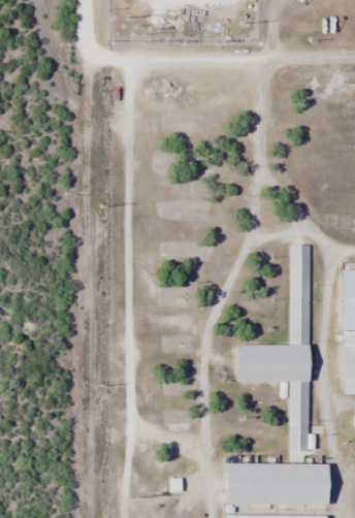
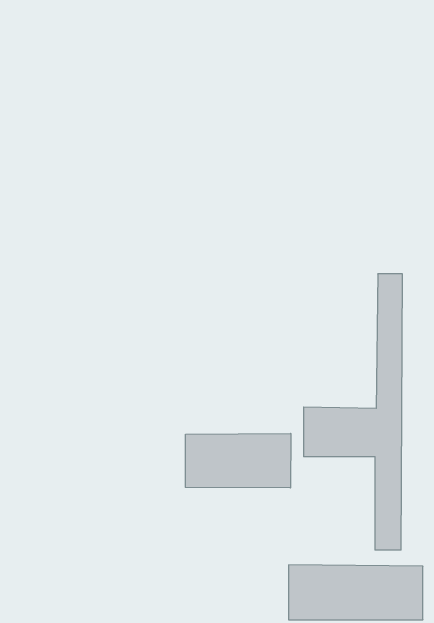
building: none -> [185,433,291,488]

